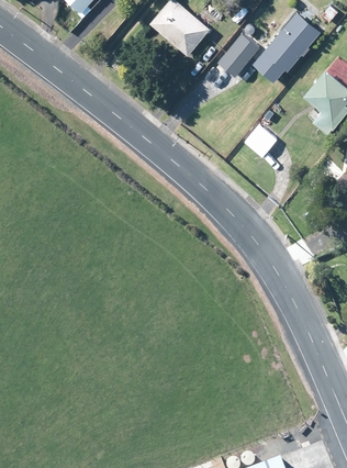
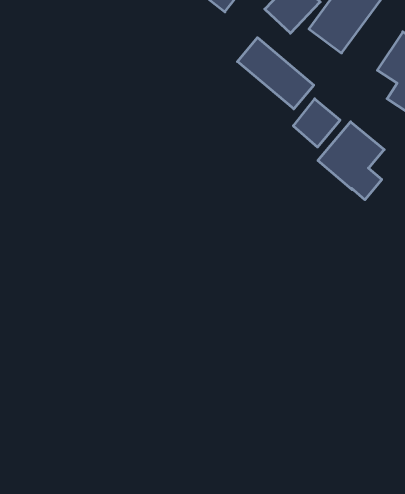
building: none -> [237,38,314,109]
building: none -> [318,122,384,200]

